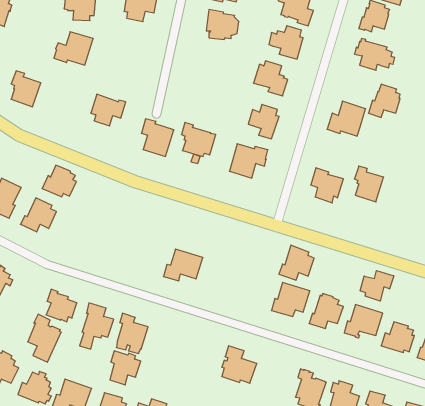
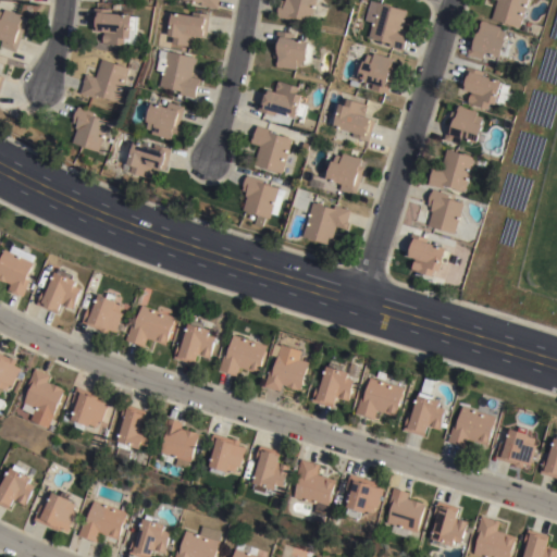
building: none -> [158,50,198,99]
building: none -> [257,78,307,123]
building: none -> [141,101,184,139]
building: [11,71,41,107] -> [70,107,108,152]
building: [368,84,400,117] -> [442,104,482,147]
building: [141,119,174,156] -> [250,125,292,173]
building: [42,165,76,197] -> [81,294,124,334]
building: [354,166,384,202] -> [425,189,462,235]
building: none -> [125,306,175,348]
building: none -> [173,322,216,366]
building: [279,245,314,280] -> [310,364,355,409]
building: none -> [263,345,309,393]
building: [360,271,394,301] -> none
building: [28,314,61,362] -> [21,369,63,430]
building: none -> [251,448,290,493]
building: [110,351,141,385] -> [207,435,246,479]
building: none -> [345,475,383,518]

